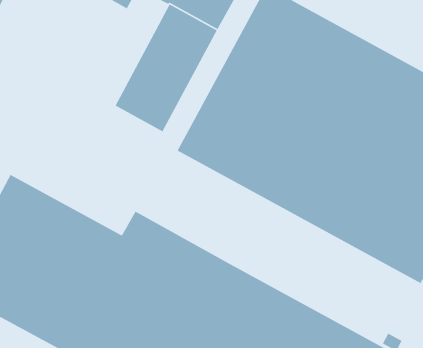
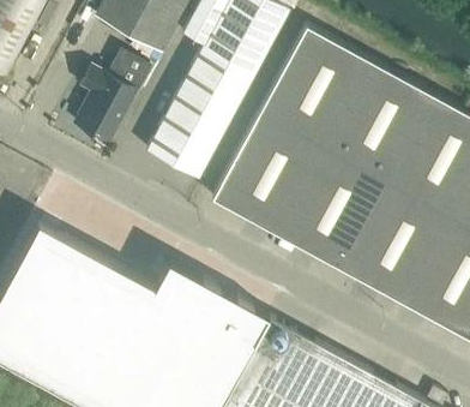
building: none -> [73,52,150,144]

